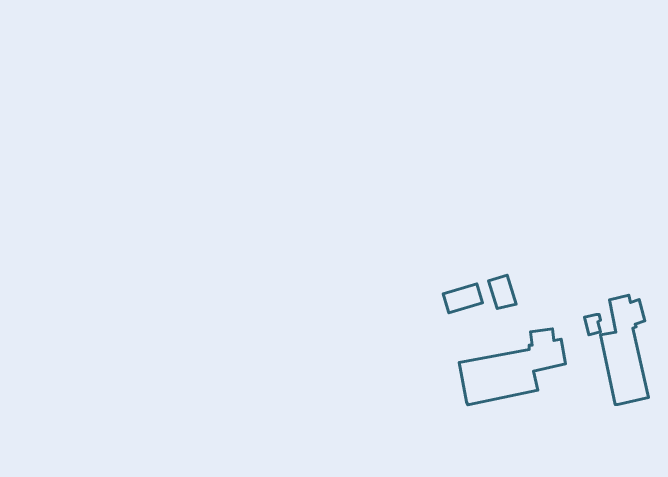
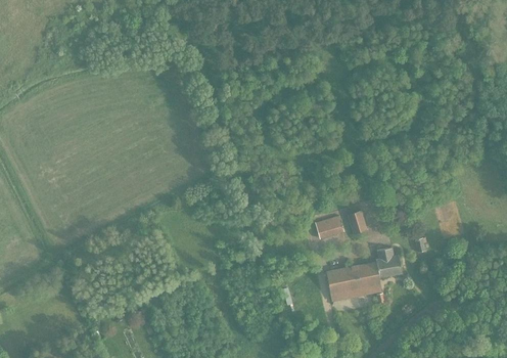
building: [601,295,648,405] -> none

